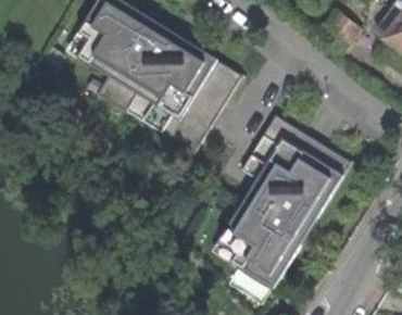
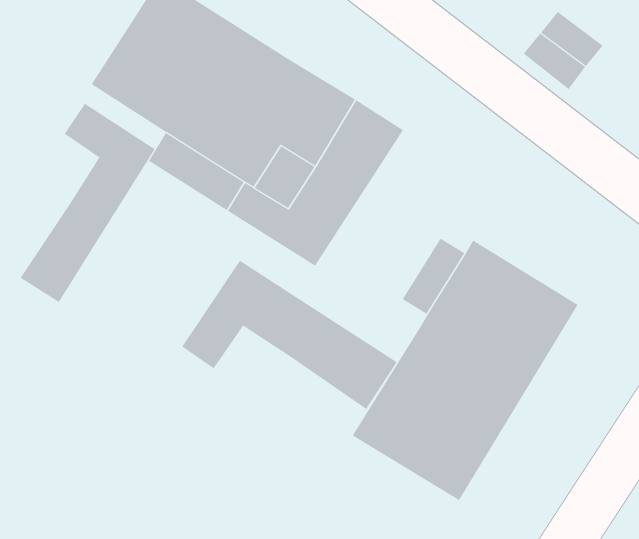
building: none -> [20,103,156,303]
building: [265,116,352,175] -> none
building: none -> [182,260,398,410]

